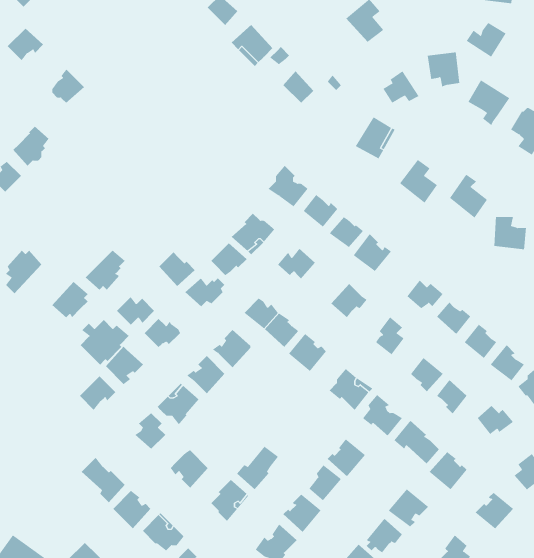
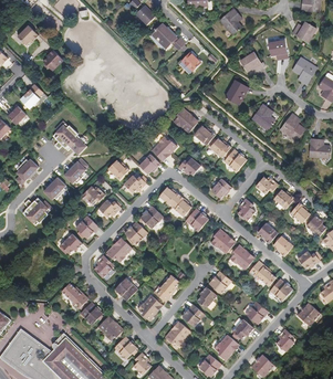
building: none -> [52,120,86,154]
building: [80,319,130,365] -> [22,197,52,224]

